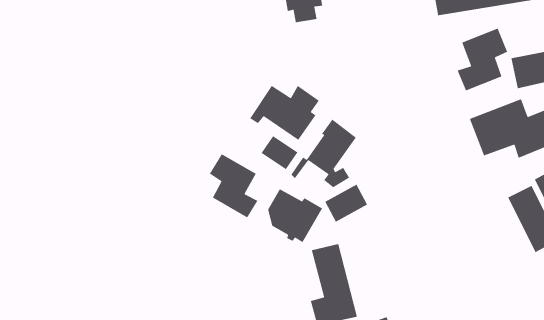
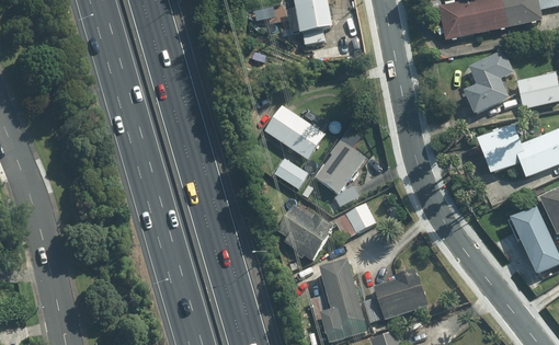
building: [209,153,258,218] -> none
building: none -> [365,267,430,321]

